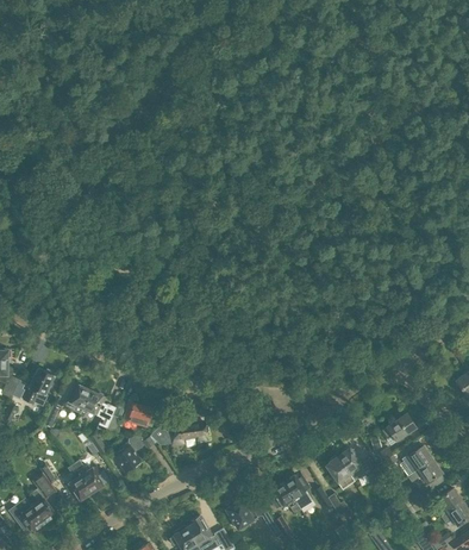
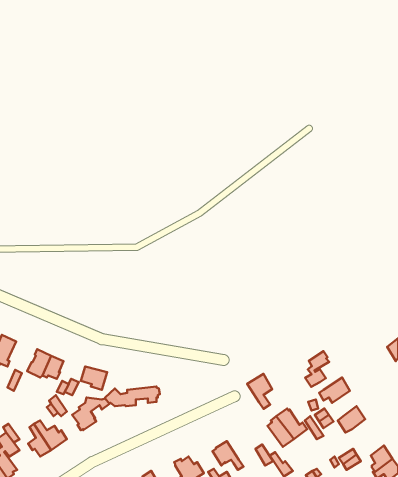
building: none -> [305,351,329,387]
building: [407,460,445,489] -> none
building: [282,473,309,511] -> [247,374,272,409]

